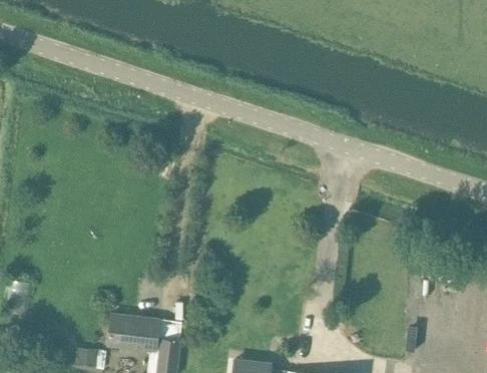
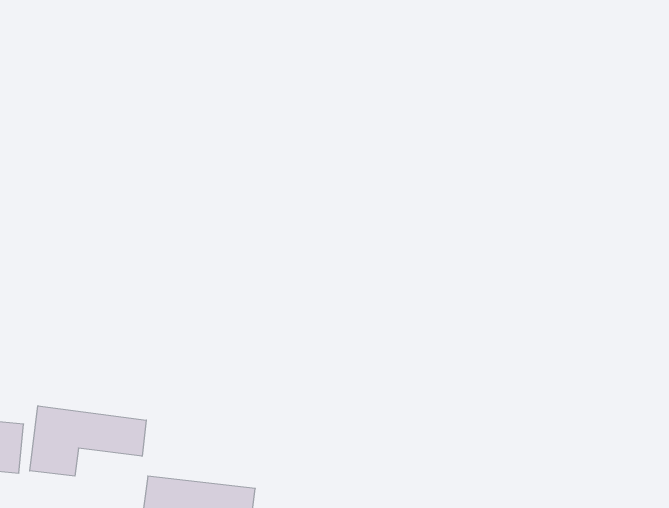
building: none -> [30,406,146,476]

